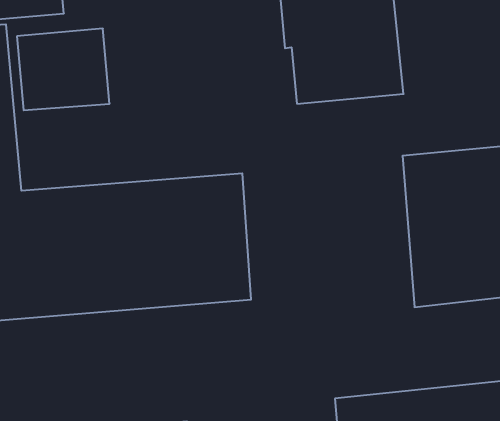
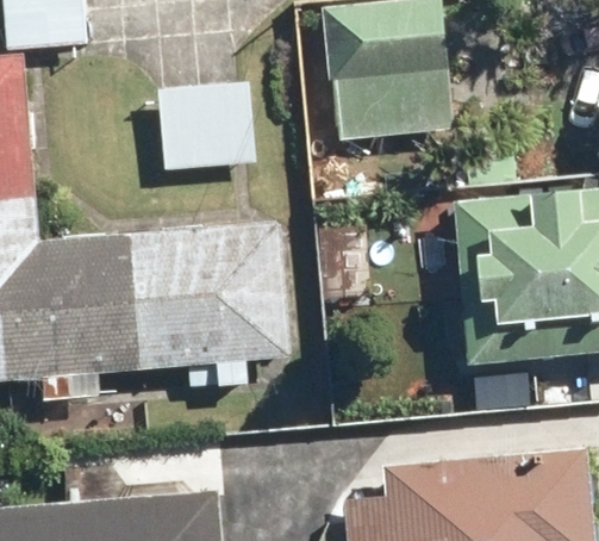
building: [17,29,110,110] -> [155,81,256,170]

